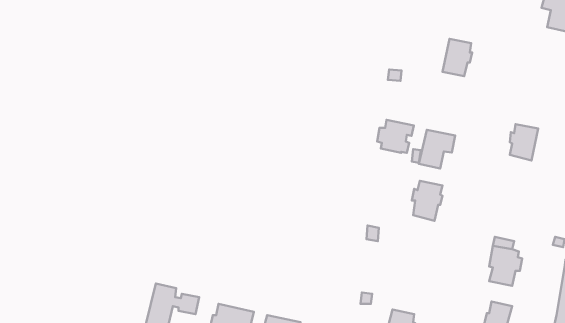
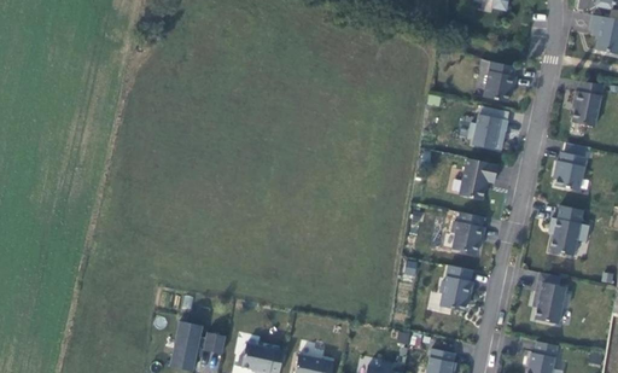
building: none -> [571,82,604,127]
building: [377,120,414,153] -> [468,115,507,150]
building: none -> [549,205,589,256]
building: none -> [439,266,473,311]

